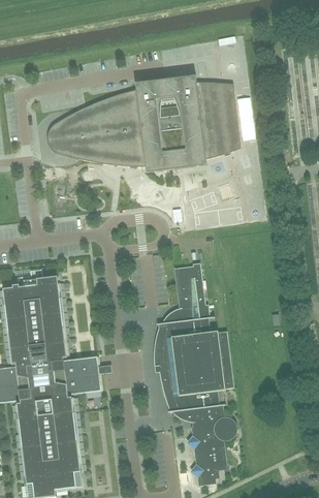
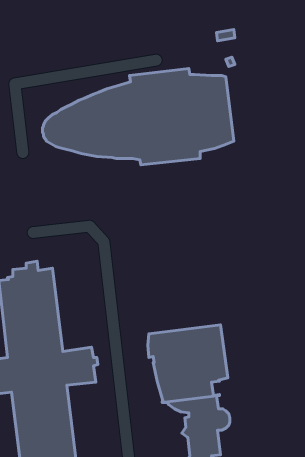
building: [155,262,227,342] -> none

